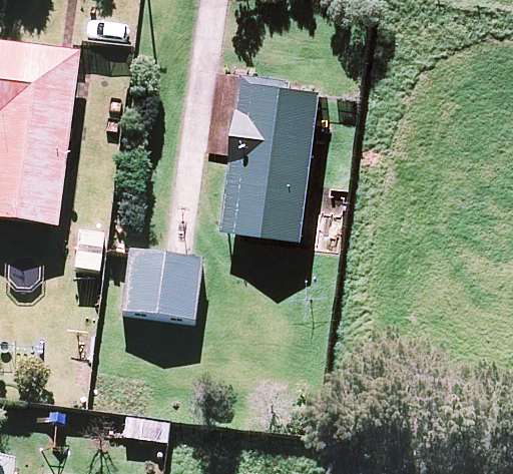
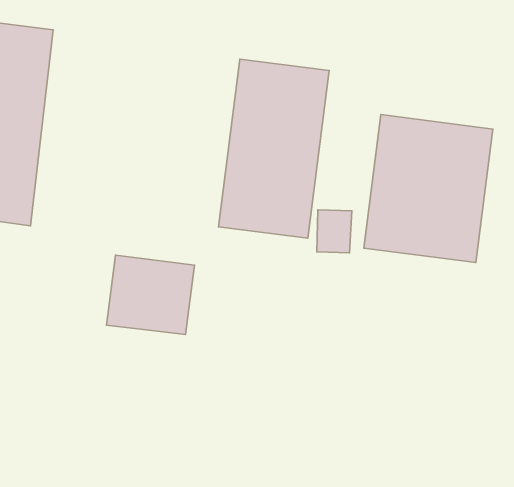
building: none -> [364,115,493,263]

